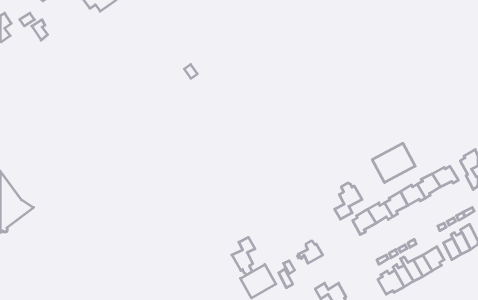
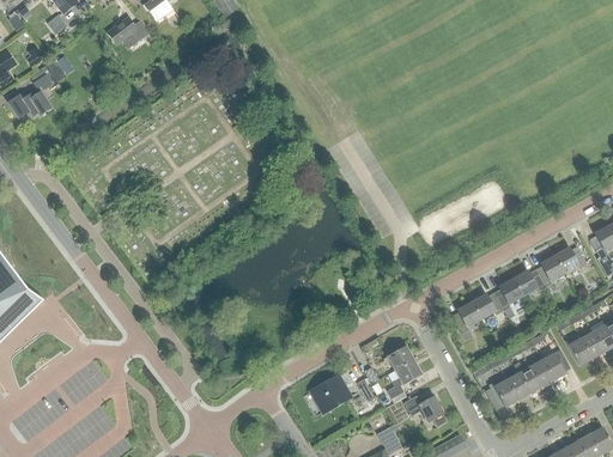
building: none -> [7,92,50,118]
building: [372,143,415,183] -> none
building: [335,183,362,219] -> none
building: [232,237,255,275] -> none
building: none -> [387,360,420,398]

